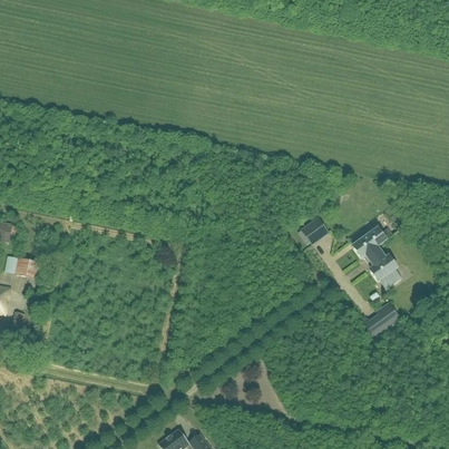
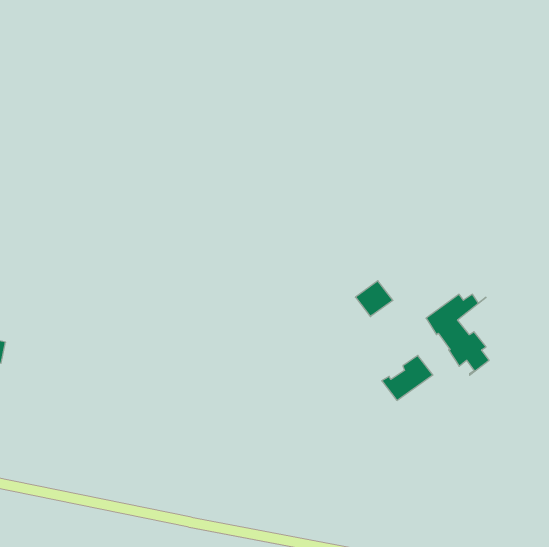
building: [362,303,400,336] -> [382,355,433,400]

